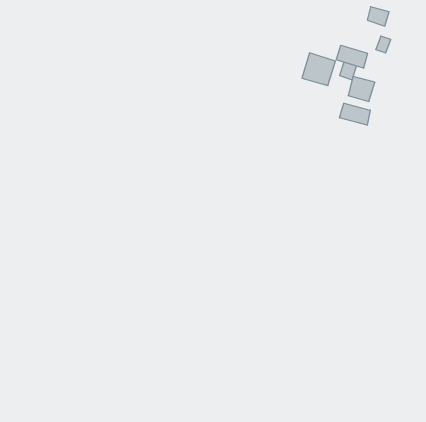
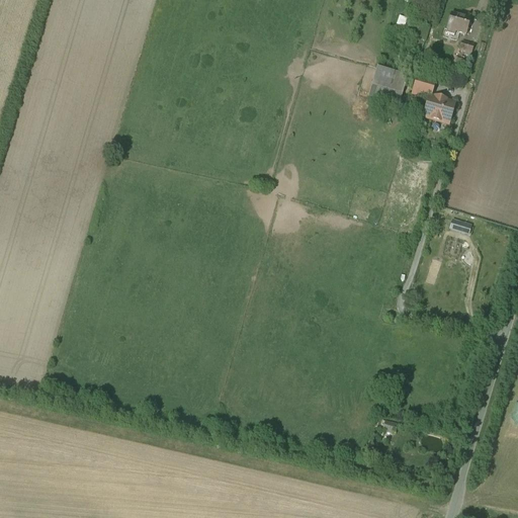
building: [336,45,367,68] -> none
building: [340,103,370,125] -> none

